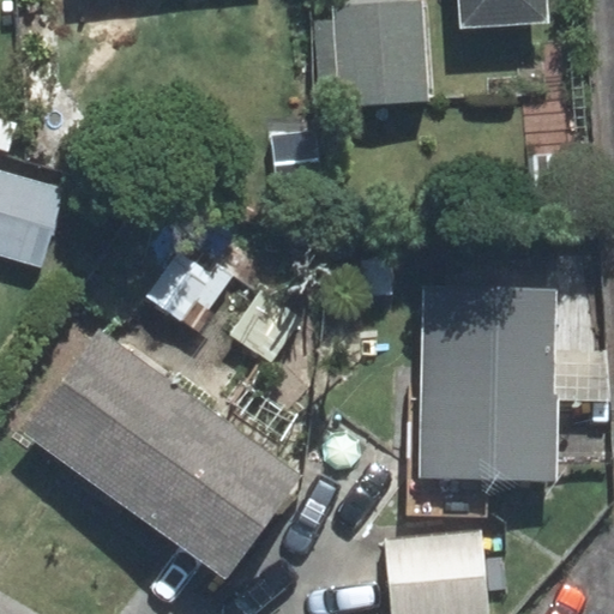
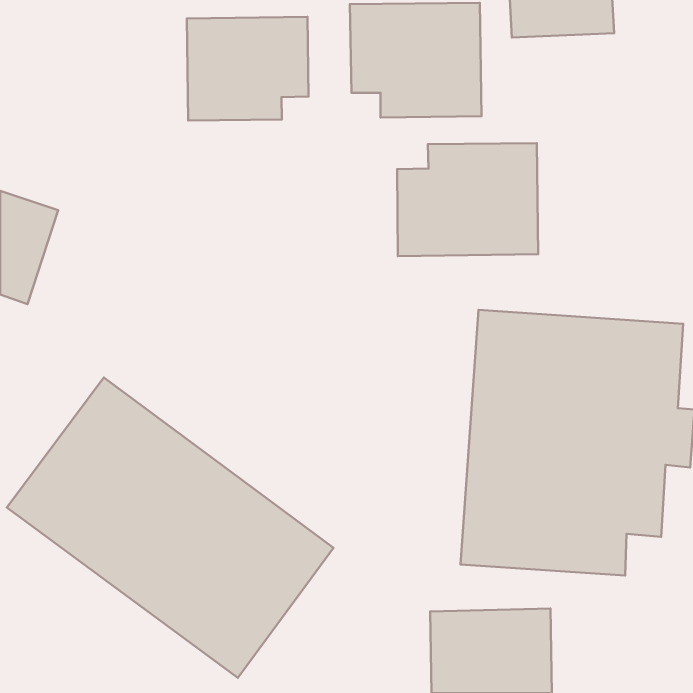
building: none -> [187,17,308,121]
building: none -> [397,143,538,256]

